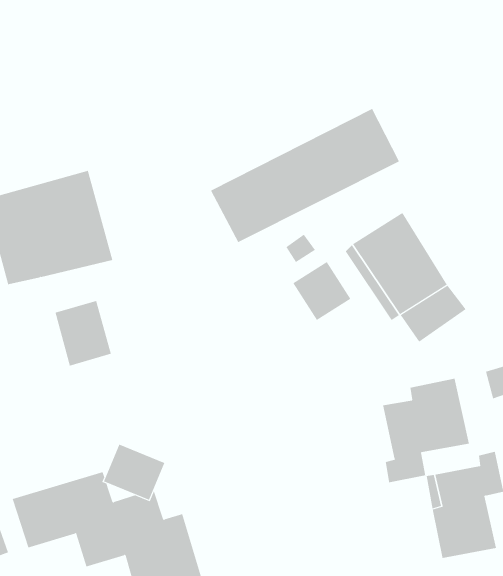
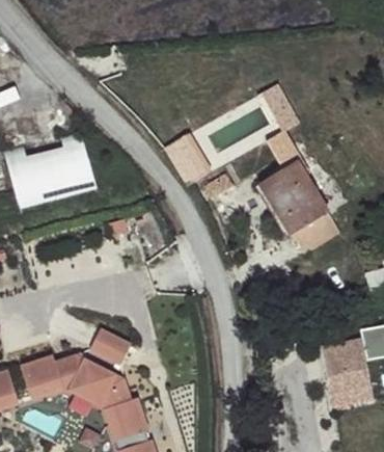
building: [292,261,351,321] -> none
building: [55,300,111,366] -> none
building: [383,378,469,483] -> none

